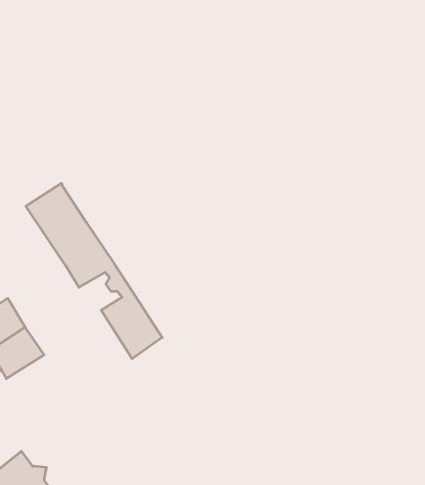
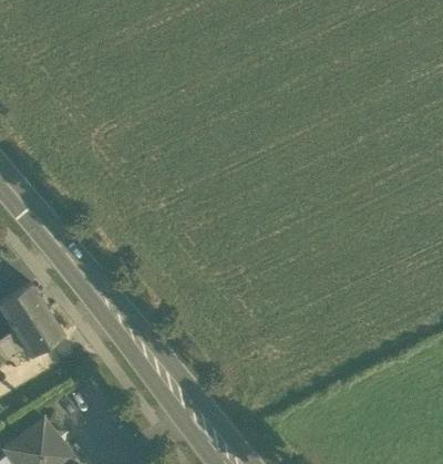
building: [26,183,162,359] -> none

